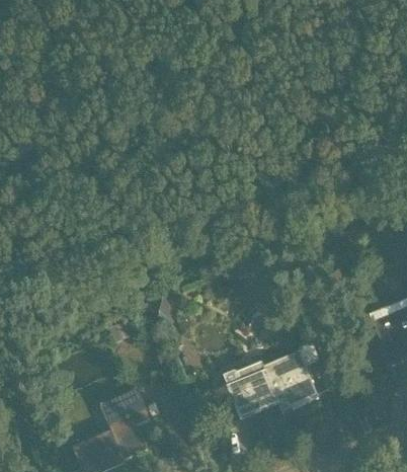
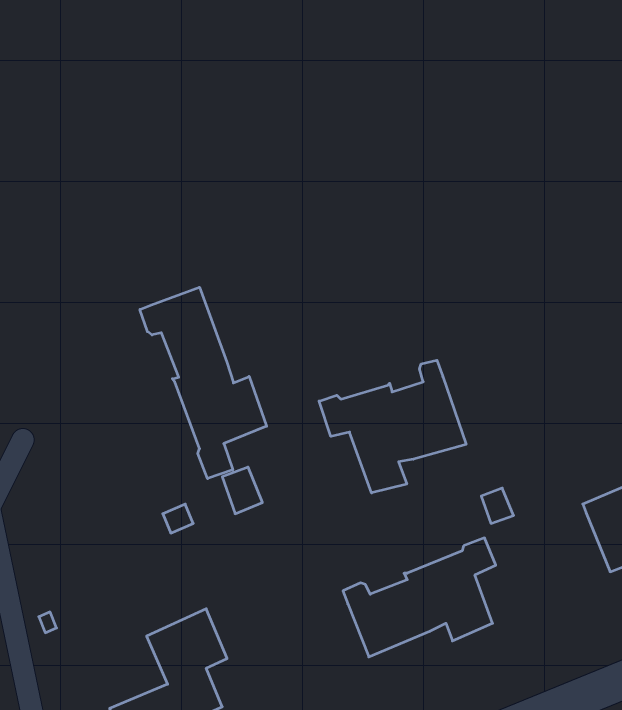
building: none -> [140,287,267,479]
building: none -> [319,360,466,493]

